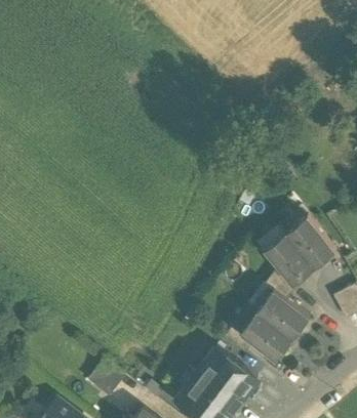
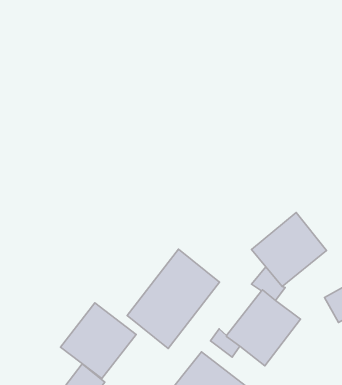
building: none -> [127,249,219,348]
building: none -> [60,303,136,379]

